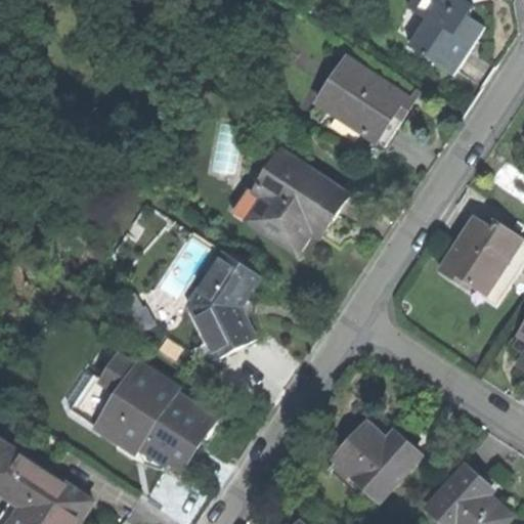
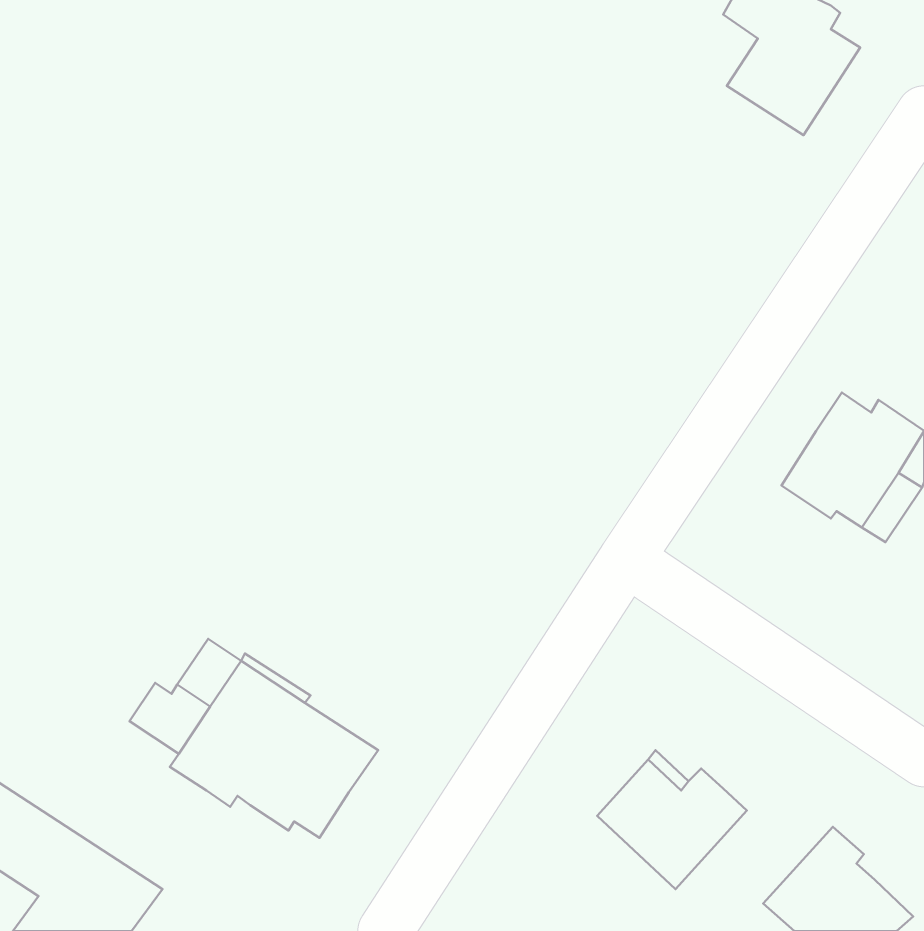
building: [317,56,411,144] -> none
building: [248,148,348,250] -> none
building: [189,252,256,355] -> none

